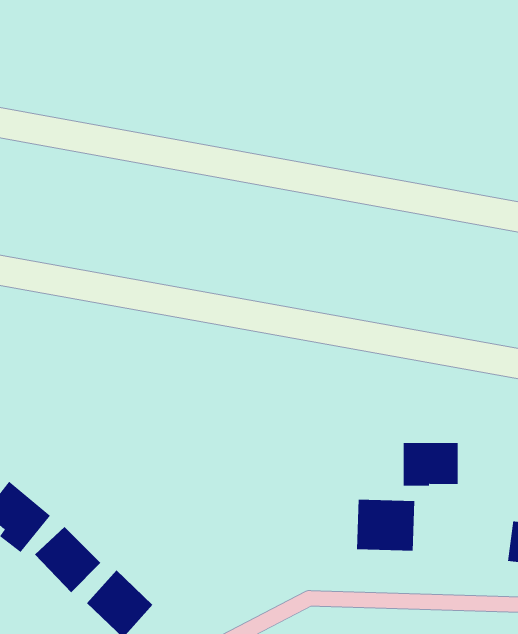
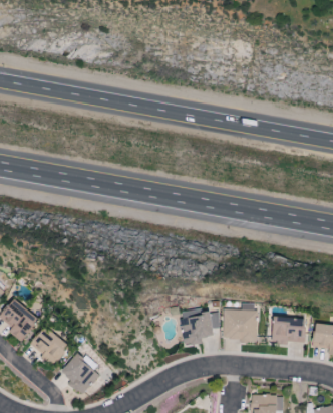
building: [403,443,458,486] -> [271,317,304,343]
building: none -> [181,308,219,345]

